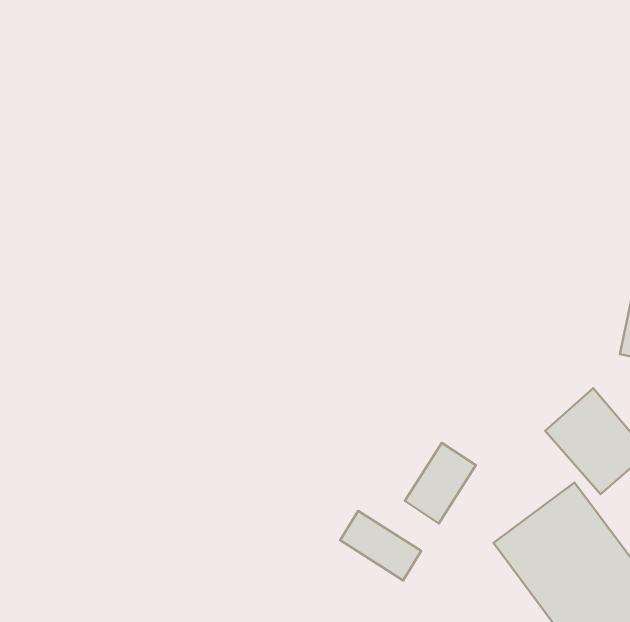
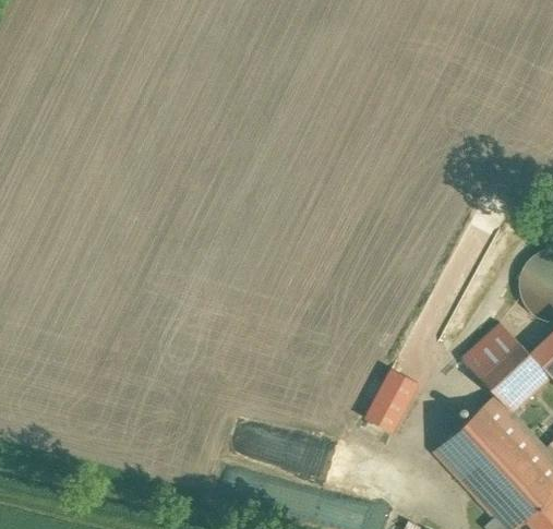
building: [340,511,421,581] -> none

